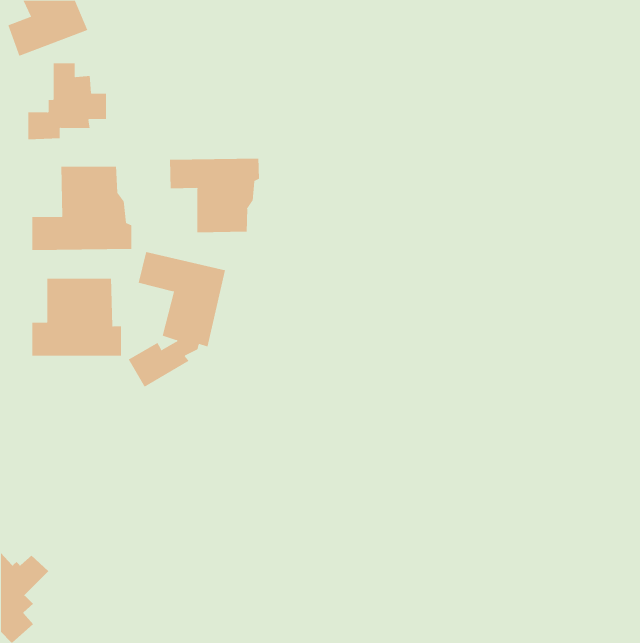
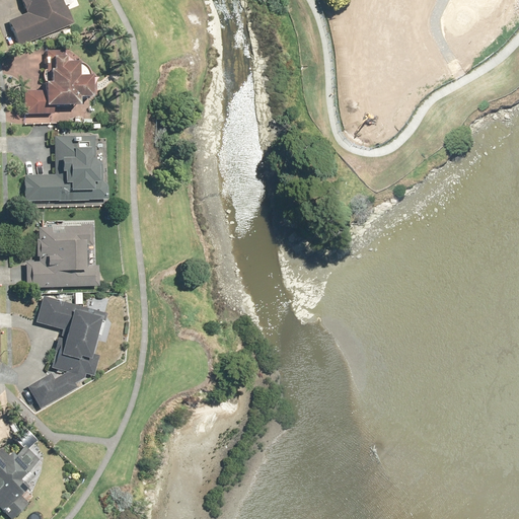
building: [169,158,259,233] -> none
building: [128,251,226,387] -> [28,297,107,406]

